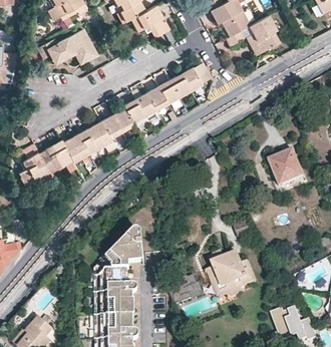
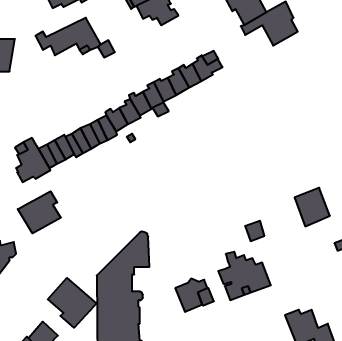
building: [268,149,301,186] -> [295,188,330,226]
building: none -> [18,191,61,233]
building: none -> [48,278,97,328]

